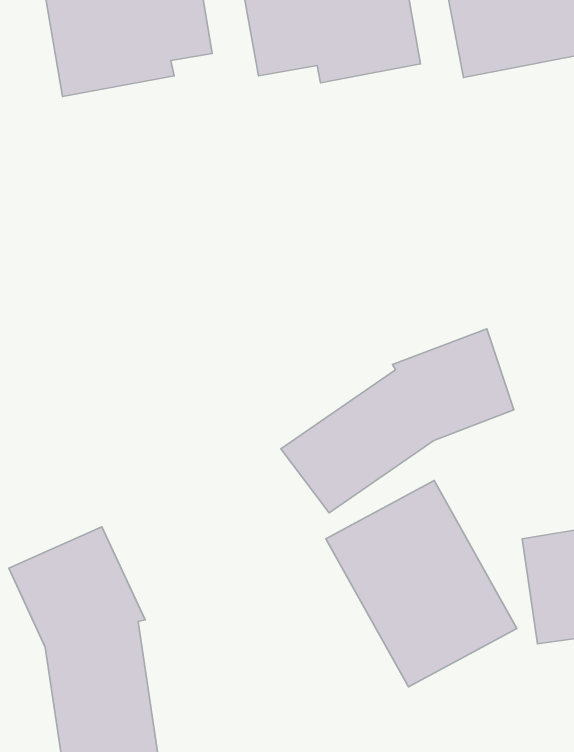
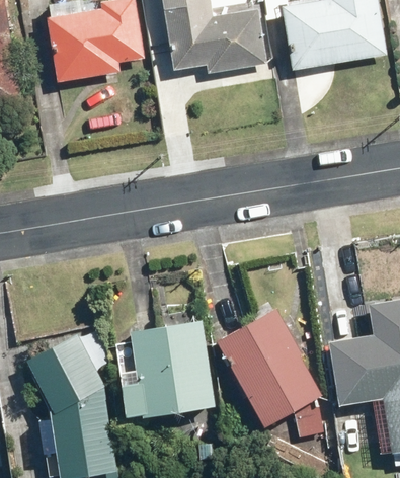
building: [281,329,514,513] -> none
building: none -> [130,323,213,416]

